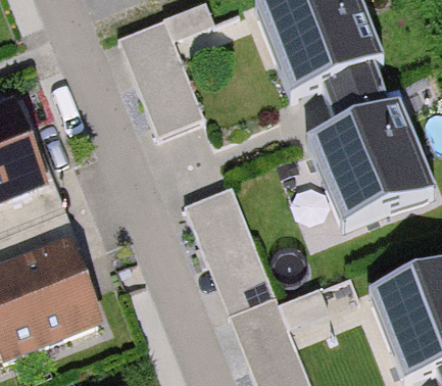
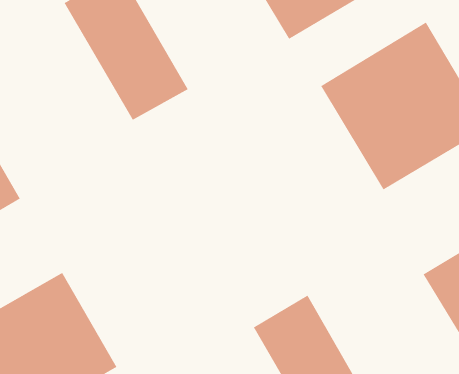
building: [181,181,272,309] -> none

